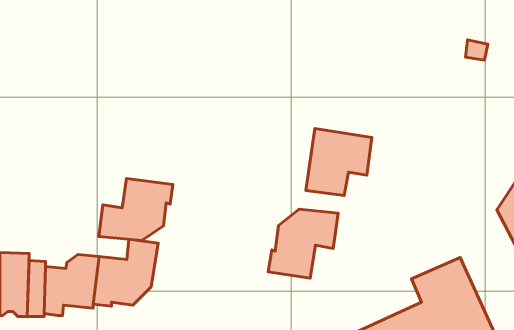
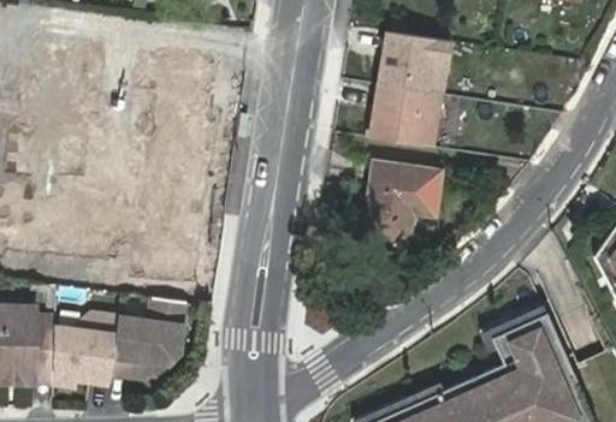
building: none -> [365,30,451,147]
building: [99,179,173,240] -> none
building: [268,209,338,278] -> none

